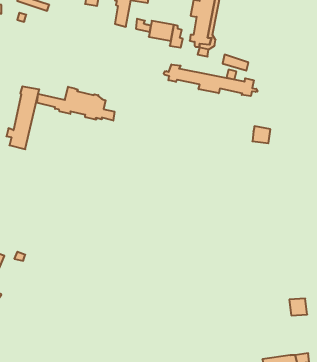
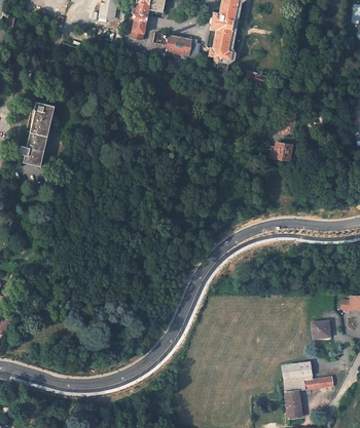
building: [164,64,257,96] -> none
building: [37,87,114,121] -> none
building: none -> [282,360,312,379]

